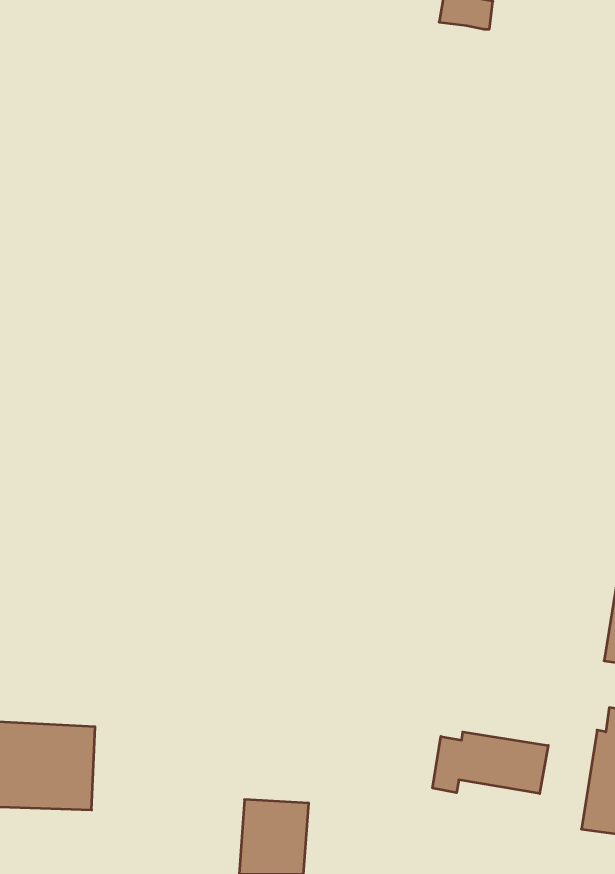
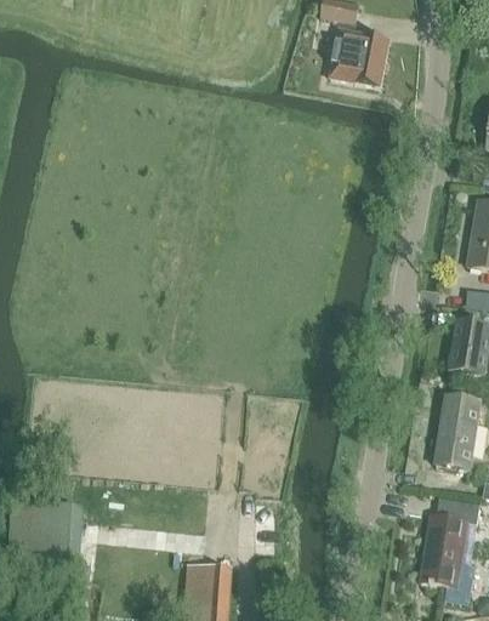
building: none -> [330,29,388,85]
building: [433,732,548,794] -> none

